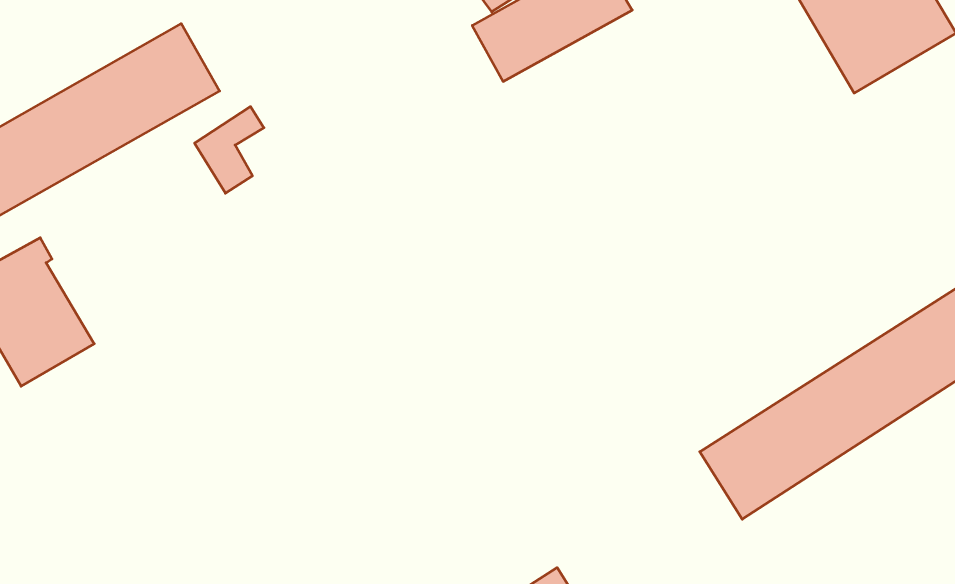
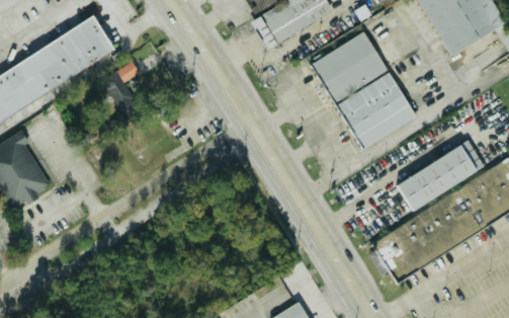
building: none -> [312,32,419,151]
building: none -> [395,142,485,213]

